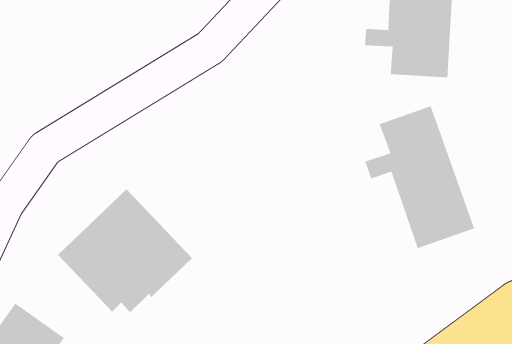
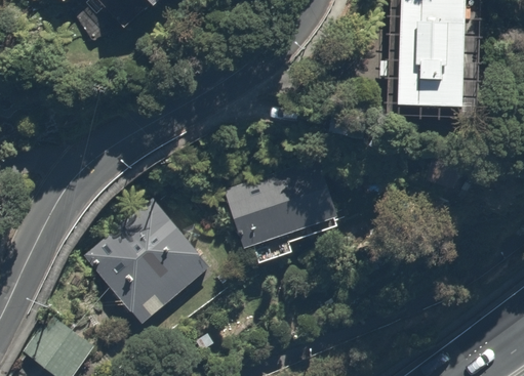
building: [364,105,475,249] -> none
building: none -> [221,157,337,267]

